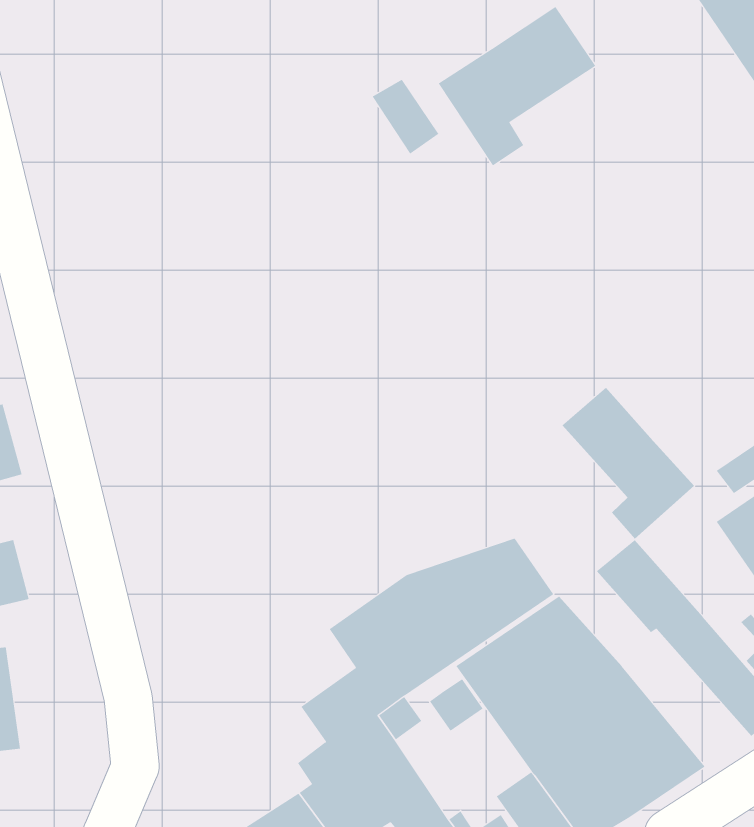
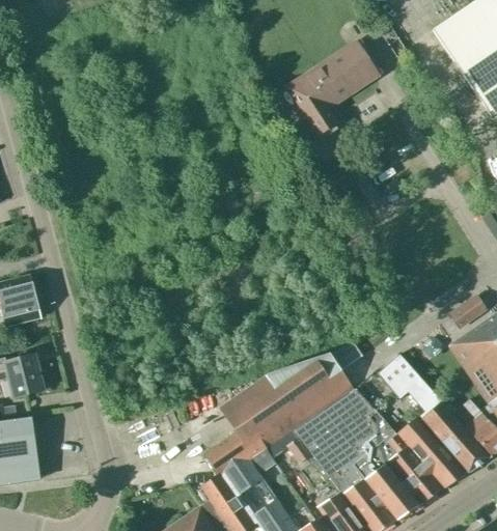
building: [372,79,439,154] -> none
building: [562,387,695,539] -> none
building: none -> [398,418,467,487]

